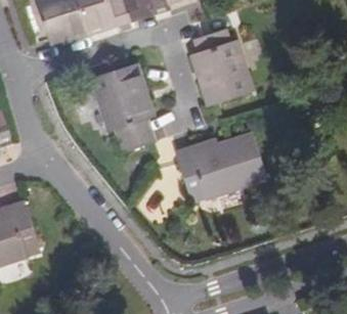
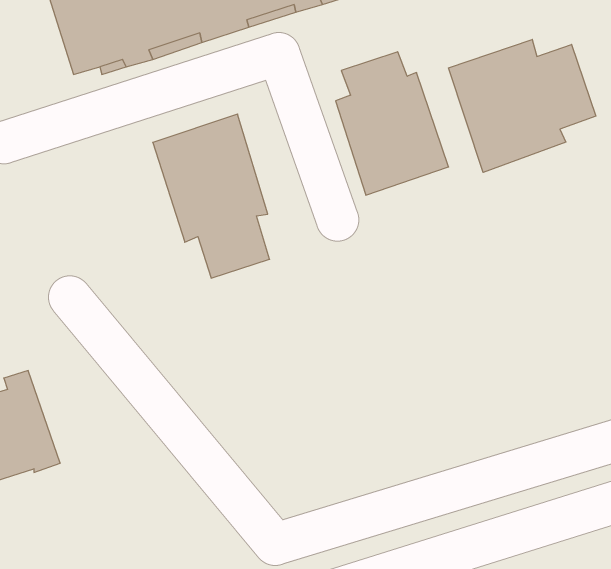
building: none -> [449,39,596,172]
building: [176,135,267,201] -> none

